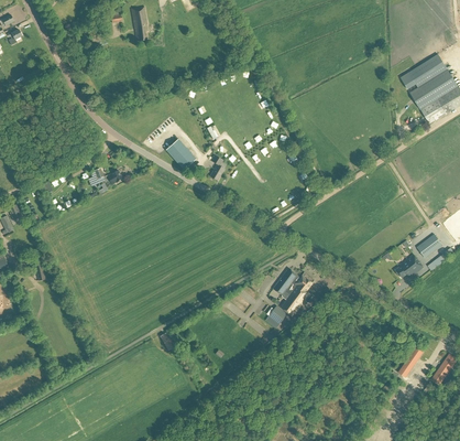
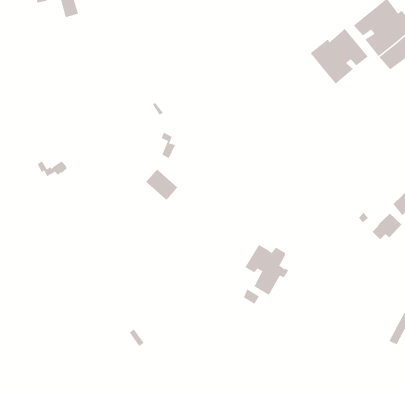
building: none -> [310,28,368,84]
building: [166,138,196,169] -> [145,168,178,201]

